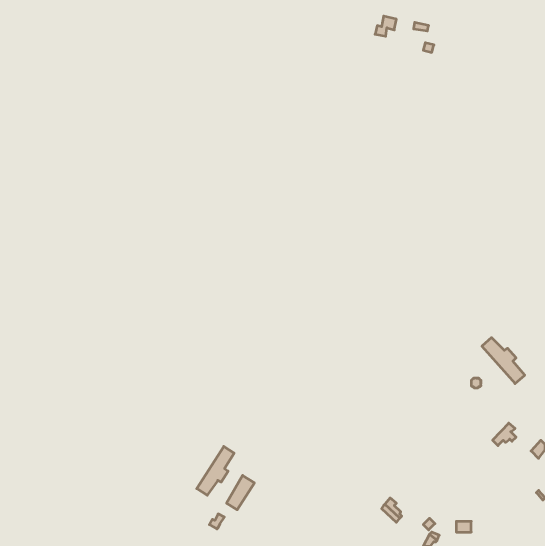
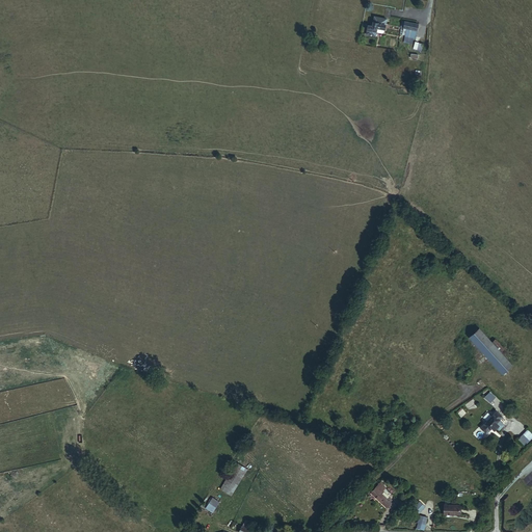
building: [197,446,234,495] -> none

